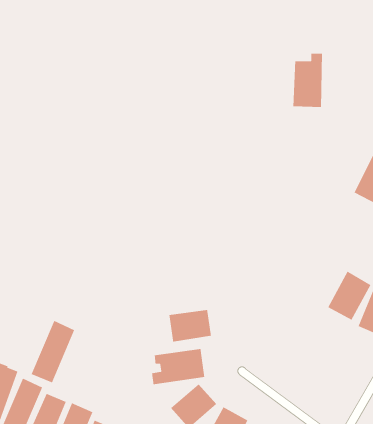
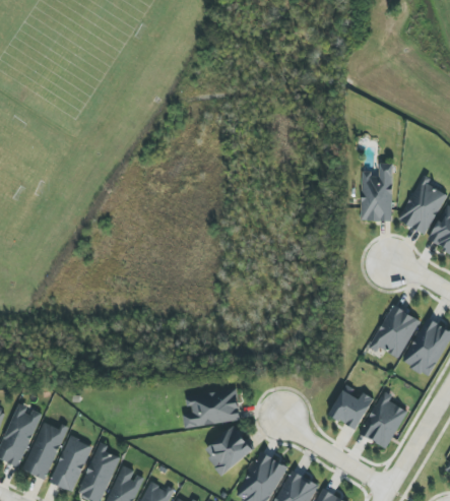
building: [293,53,323,108] -> [361,164,393,223]
building: [169,309,212,343] -> none
building: [30,320,75,384] -> none
building: none -> [329,387,374,431]
building: none -> [361,391,407,449]

